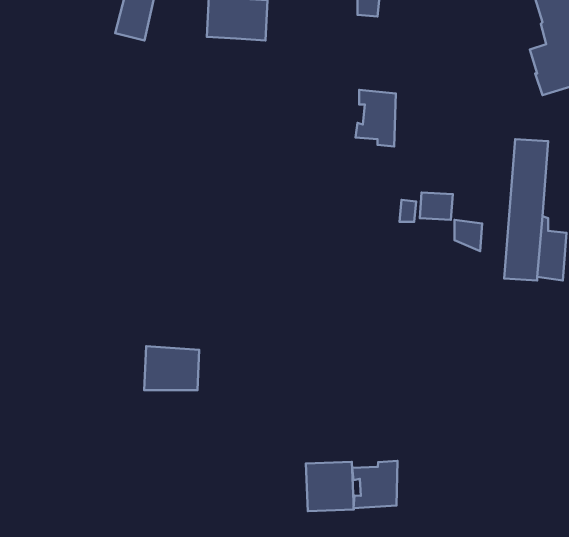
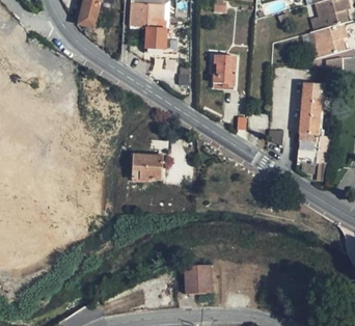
building: none -> [143,26,165,49]
building: [144,346,199,390] -> [132,155,163,180]
building: [352,461,397,508] -> none

